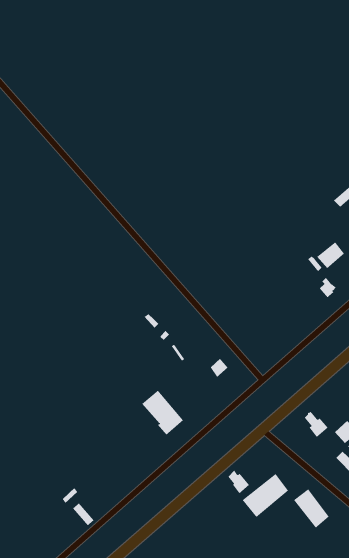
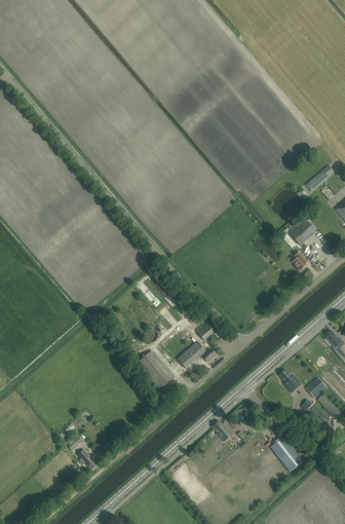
building: none -> [178,341,216,368]
building: [242,473,289,518] -> none

